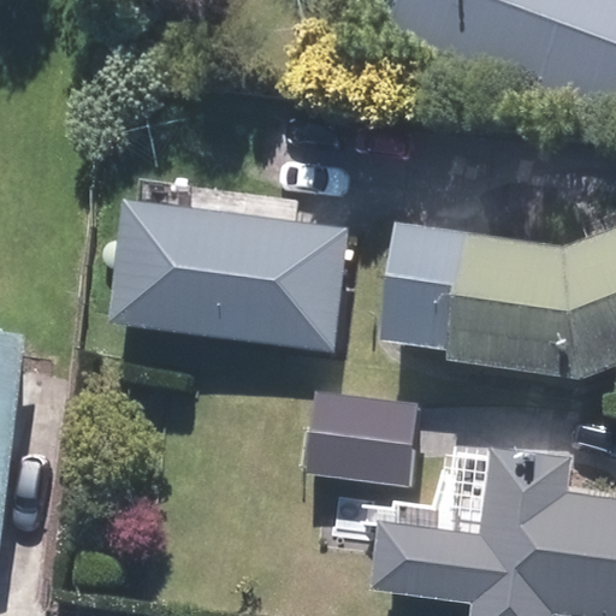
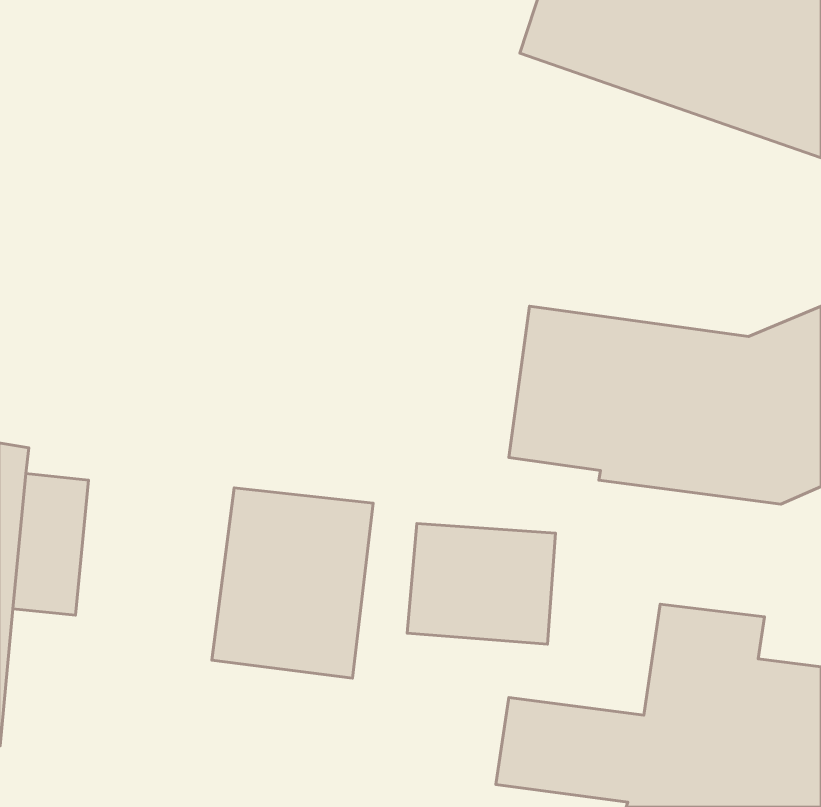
building: [106,200,354,350] -> none
building: none -> [212,488,373,678]

